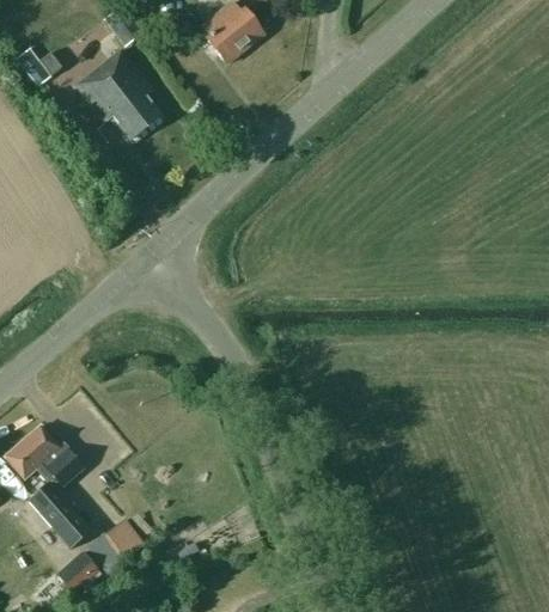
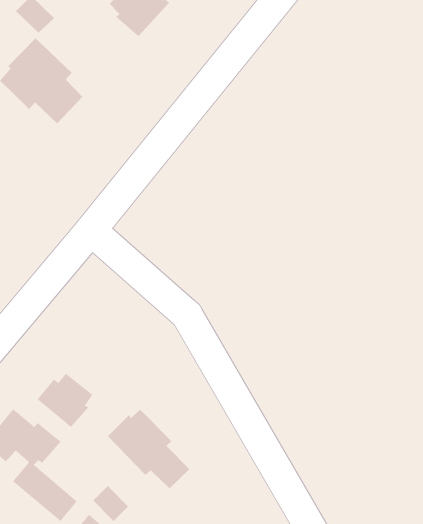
building: none -> [37,373,93,428]
building: none -> [107,409,190,489]

